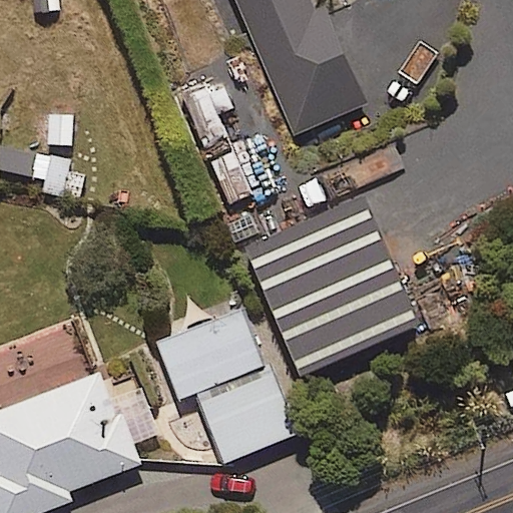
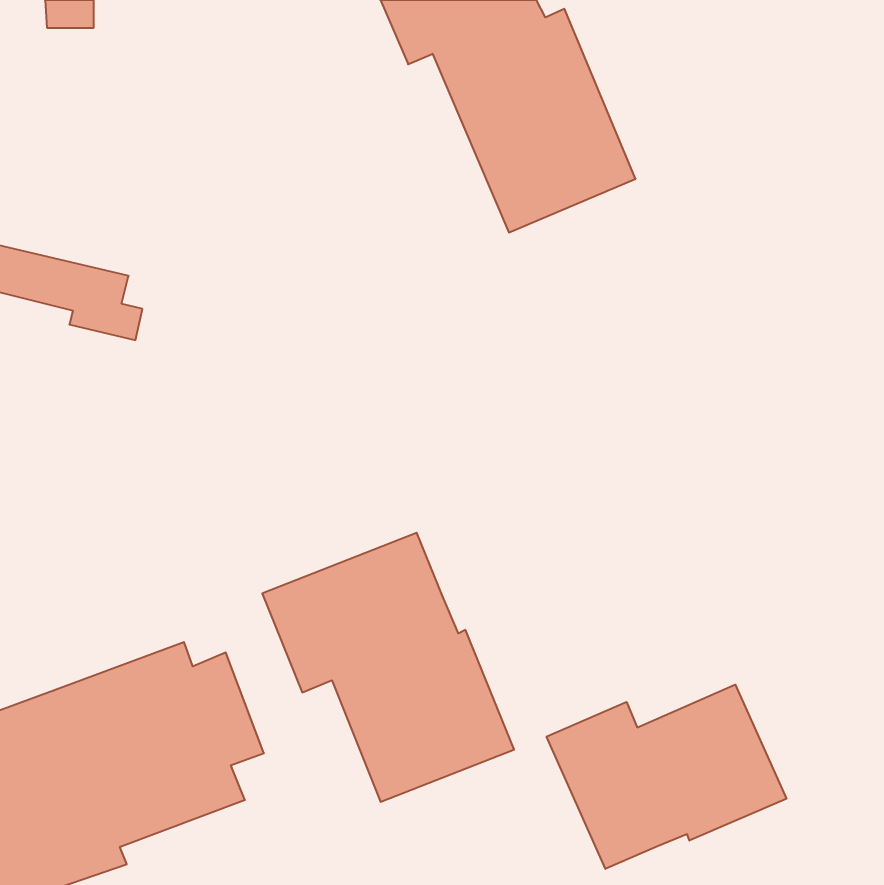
building: [249,206,422,377] -> none
building: none -> [547,685,786,869]

